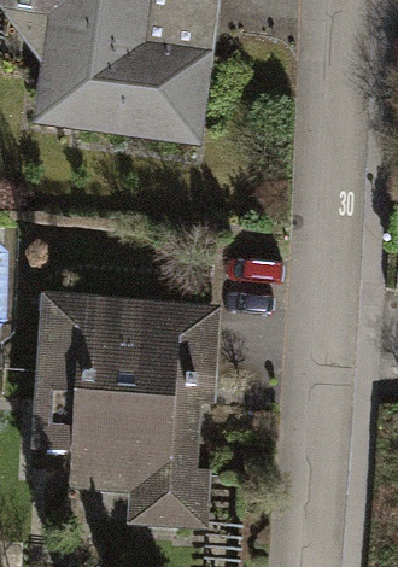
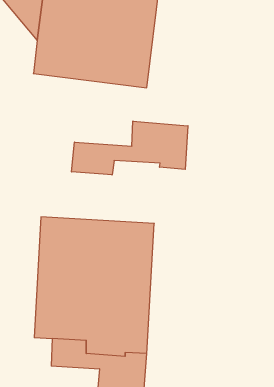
building: none -> [72,121,188,175]

